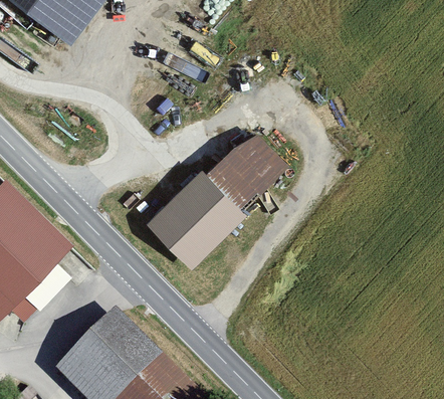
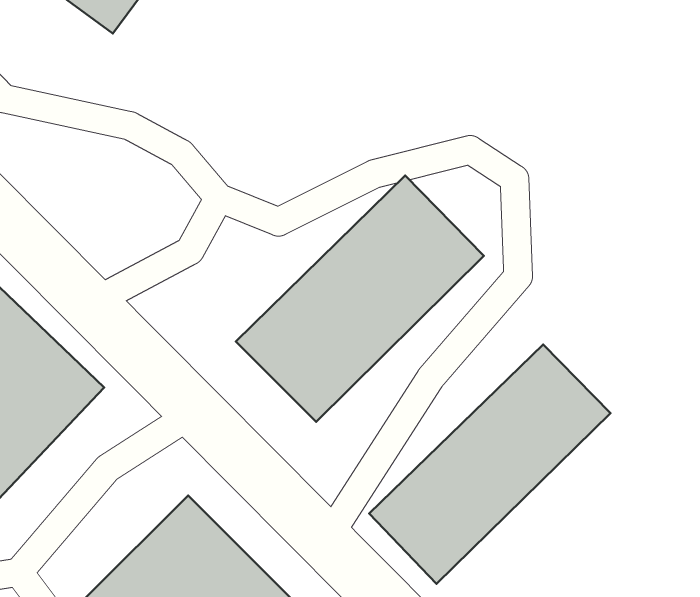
building: none -> [369,344,611,584]

